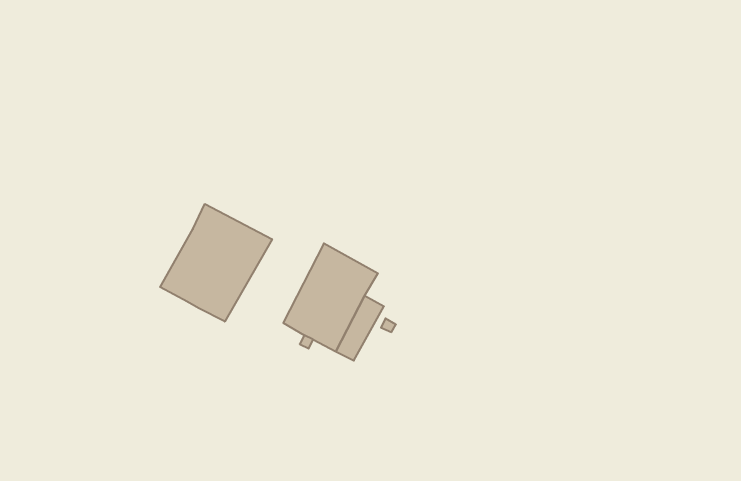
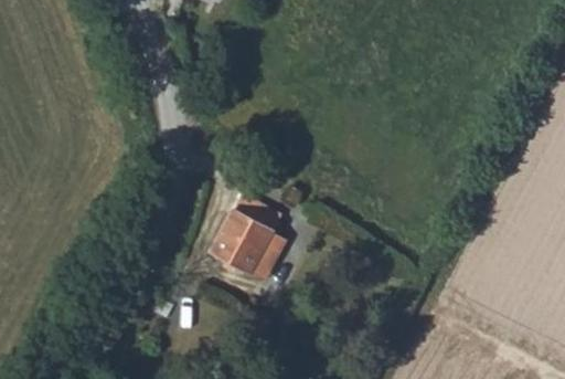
building: [160,204,272,322] -> none

